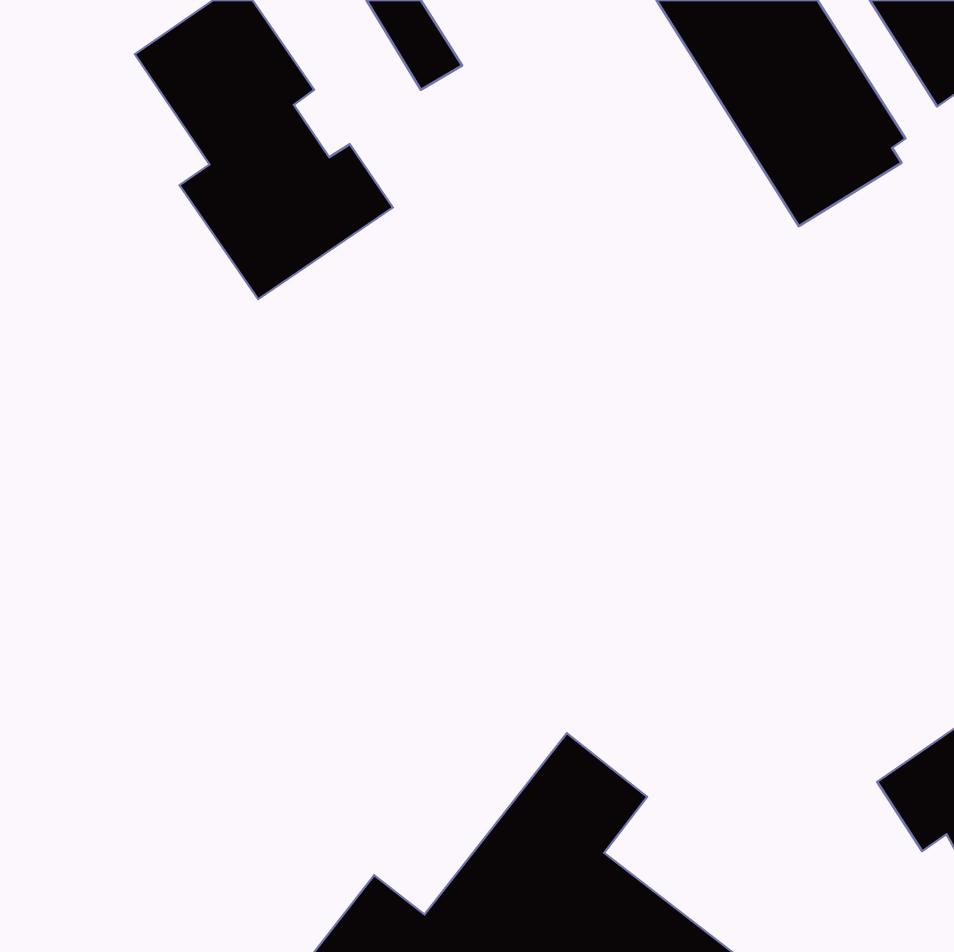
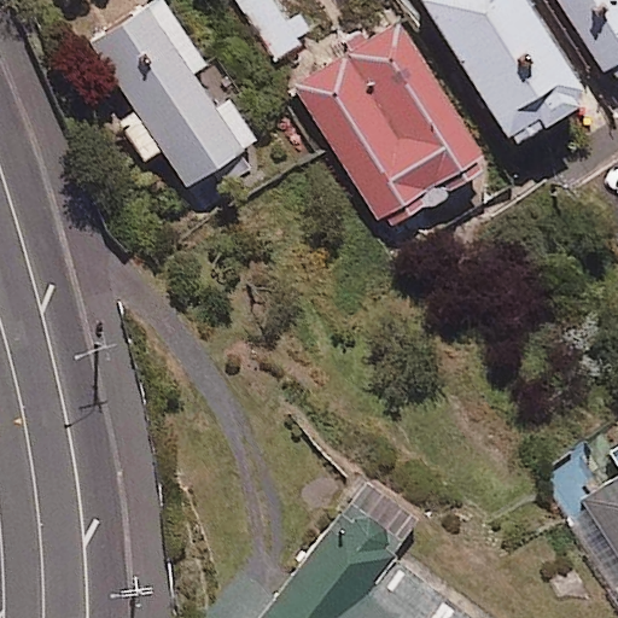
building: none -> [296,27,494,239]

